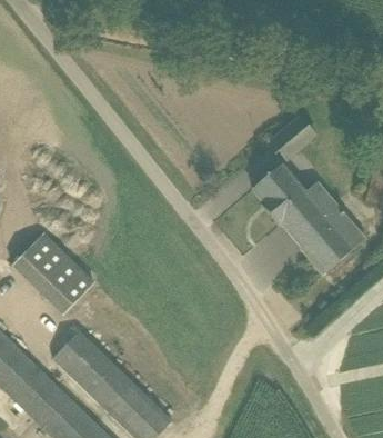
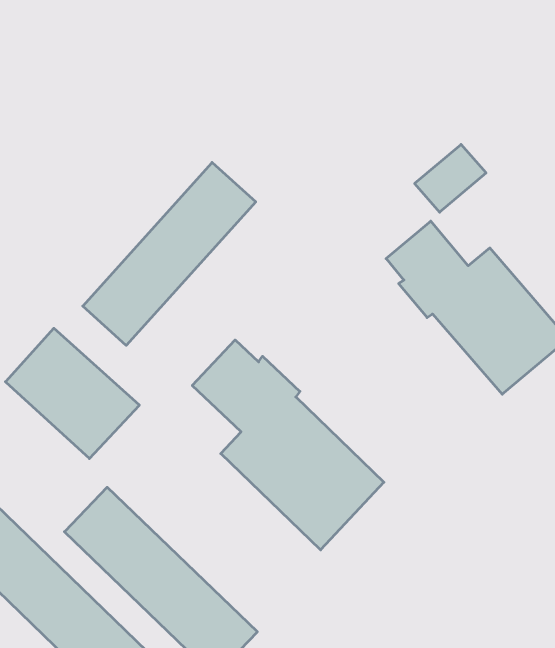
building: none -> [83,162,256,345]
building: none -> [192,340,384,550]

